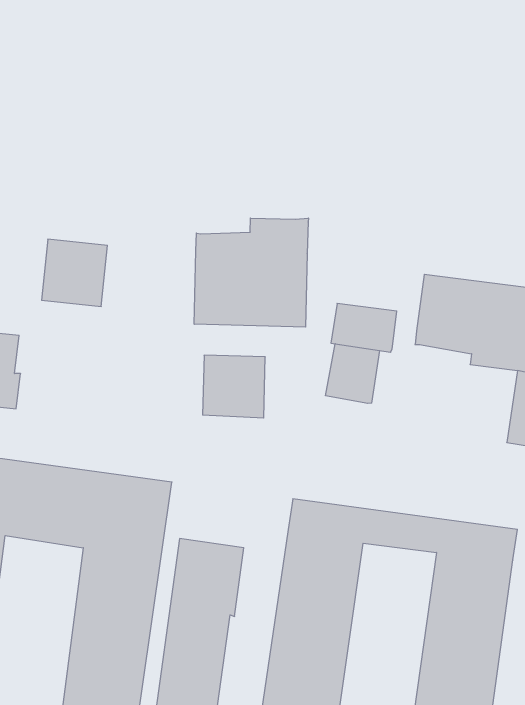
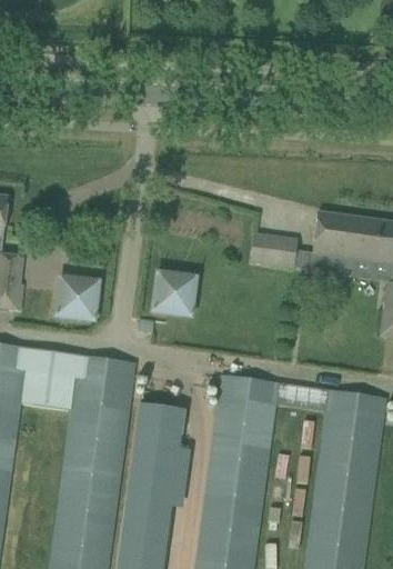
building: [194,218,308,327] -> none
building: [42,239,107,306] -> [58,272,105,321]
building: [326,344,380,403] -> none

